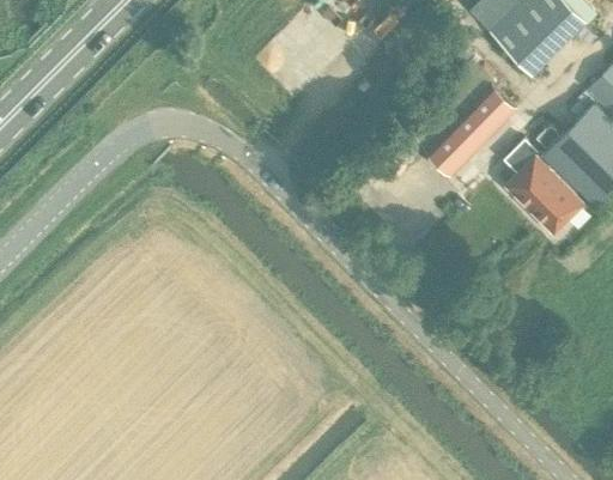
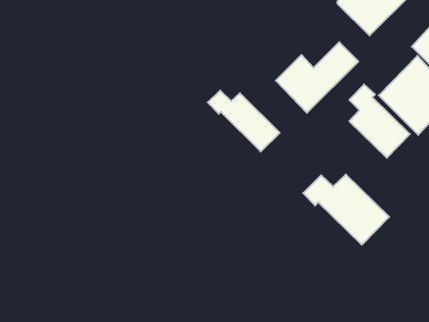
building: none -> [208,90,280,152]
building: none -> [303,174,389,245]

